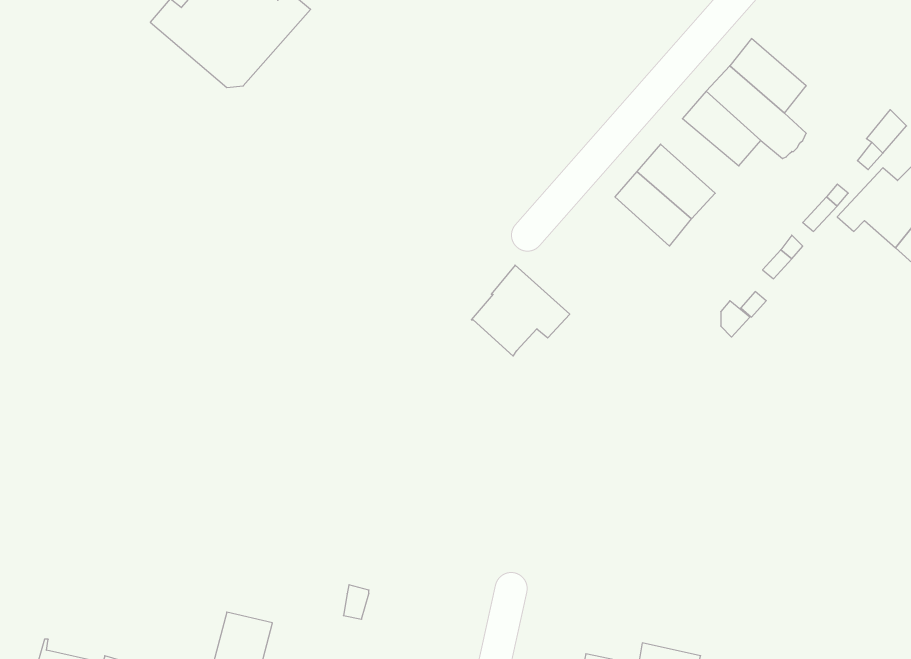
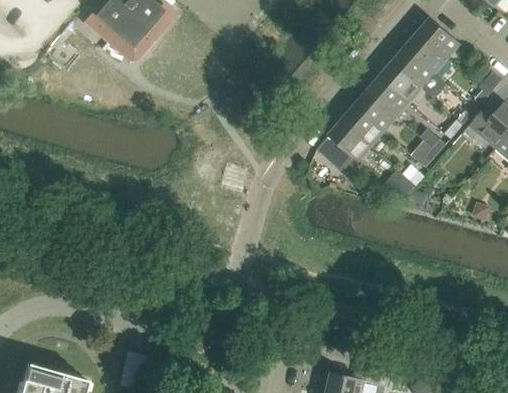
building: none -> [418,16,461,57]
building: none -> [367,75,411,117]
building: [471,265,570,356] -> [318,119,372,169]

